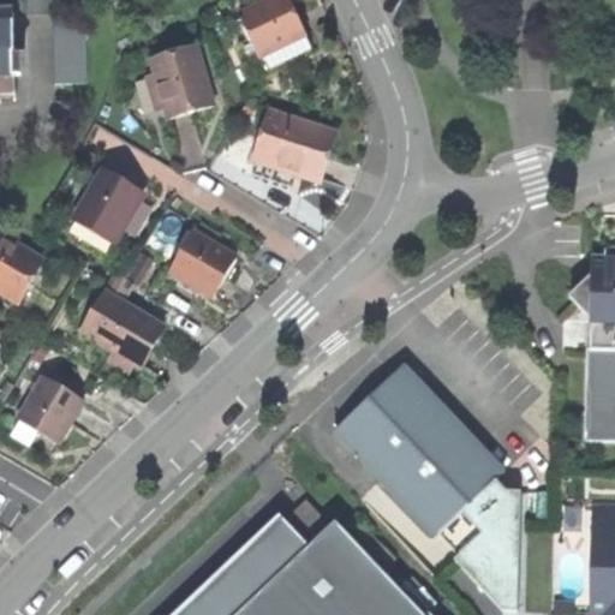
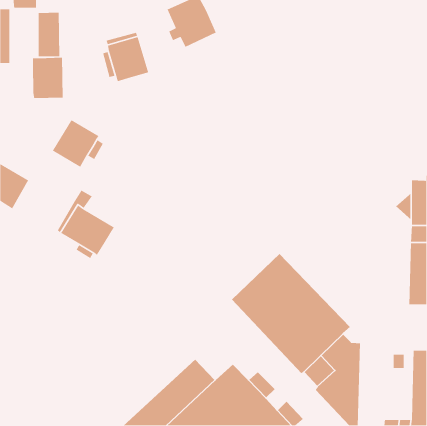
building: none -> [32,57,63,99]
building: [255,111,335,180] -> none
building: [169,231,237,295] -> none
building: [18,375,84,442] -> none

